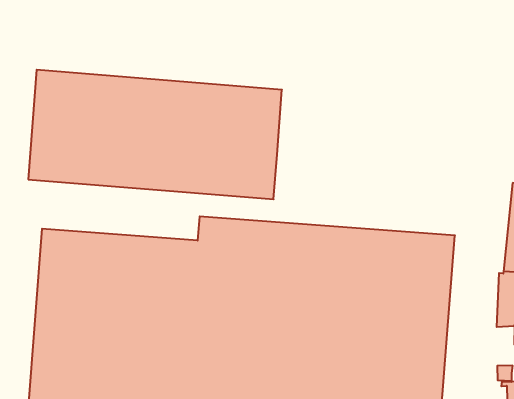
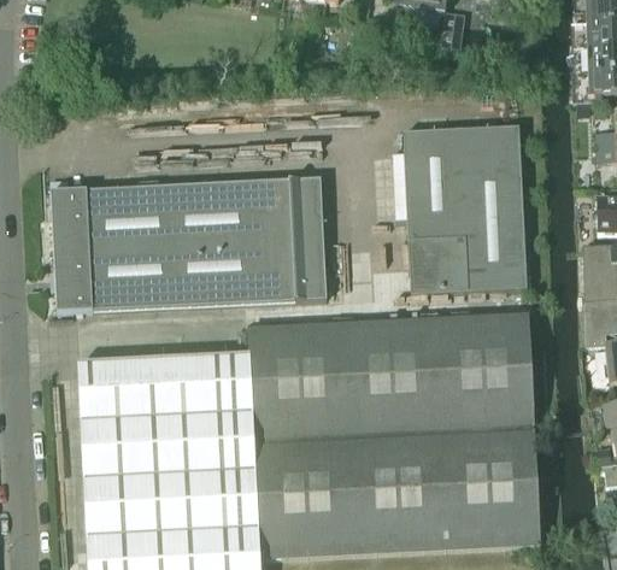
building: none -> [392,125,525,293]

